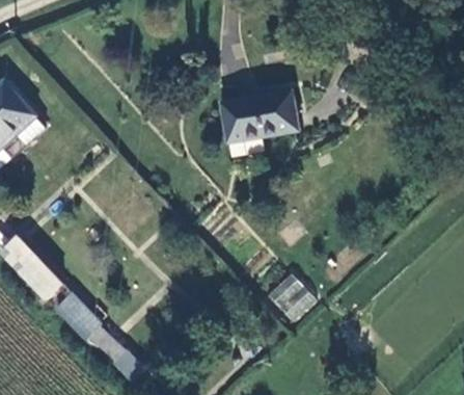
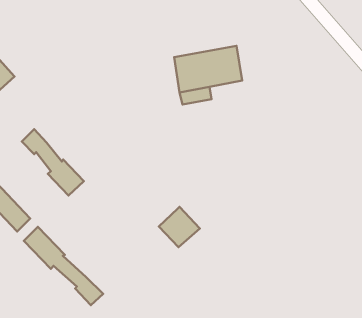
building: none -> [22,129,84,195]
building: [266,271,311,316] -> [159,207,200,247]

